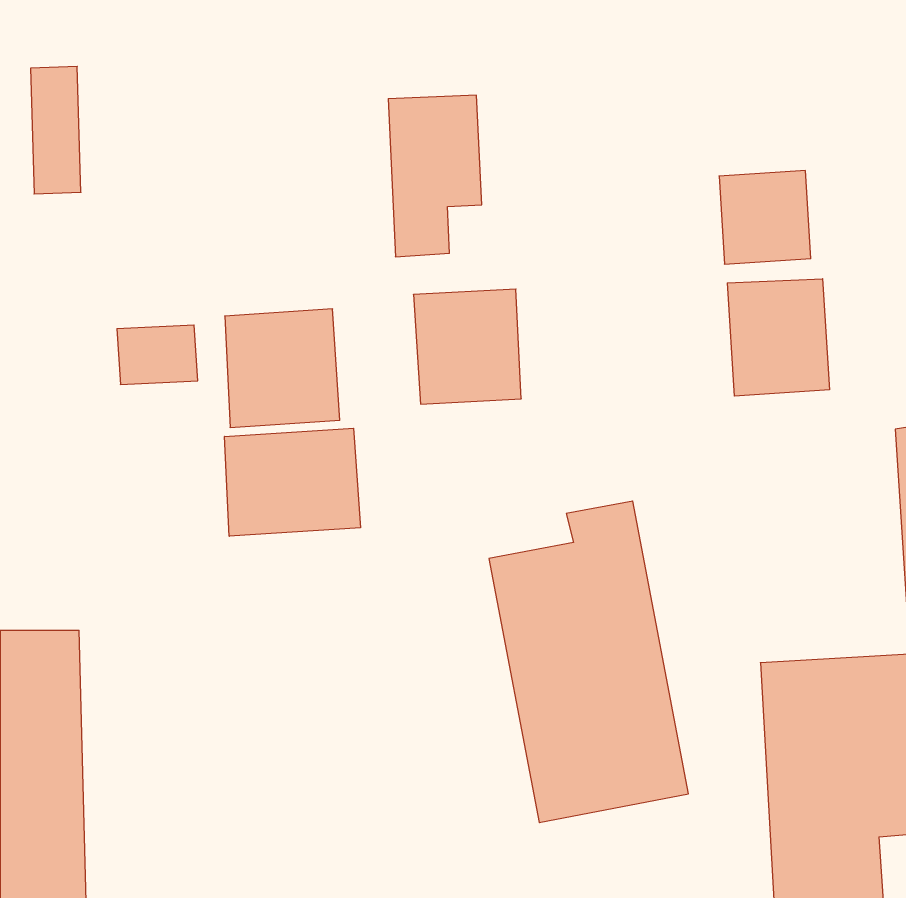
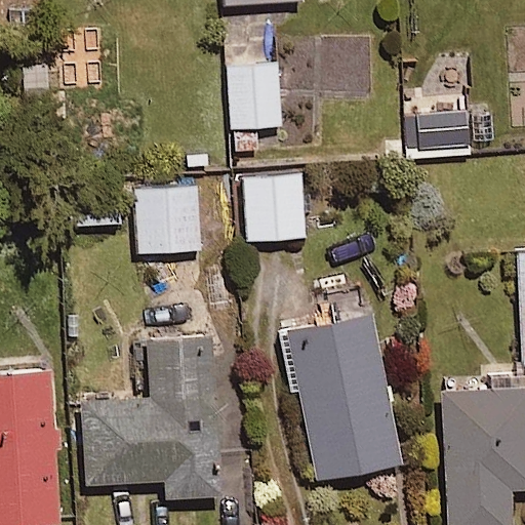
building: [727,279,829,396] -> none
building: [225,428,360,536] -> none
building: none -> [81,333,218,498]

